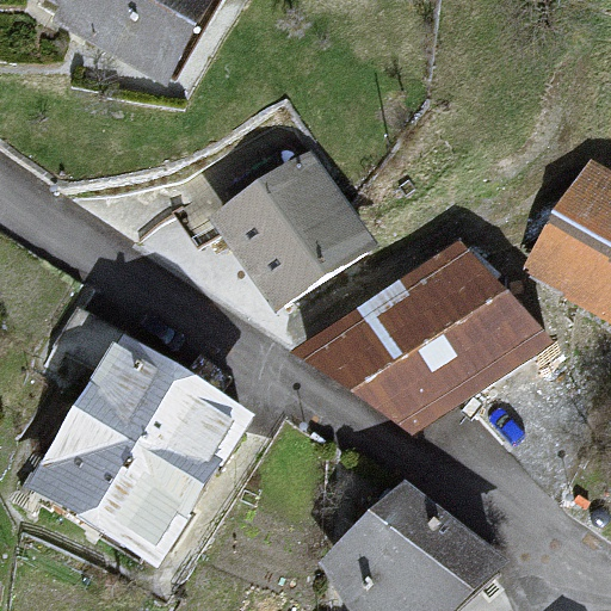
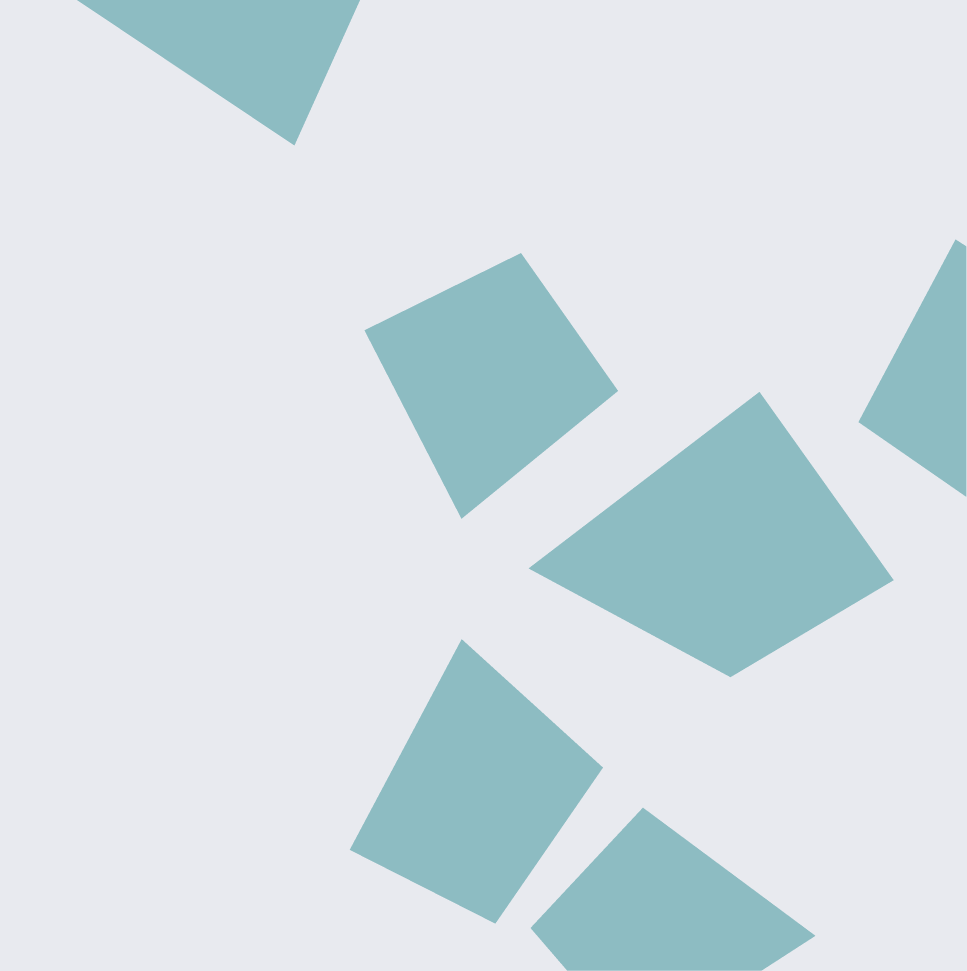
building: [20,344,255,556] -> none
building: none -> [349,638,604,924]

